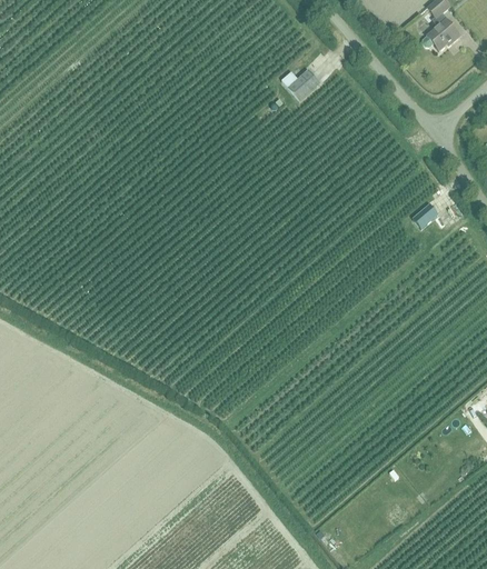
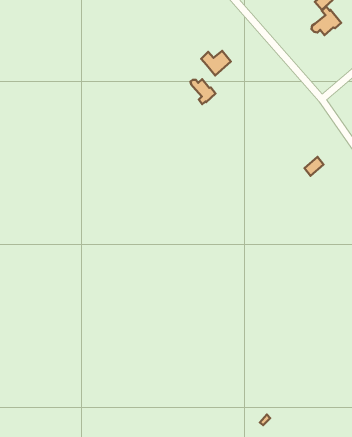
building: none -> [191,79,216,104]

